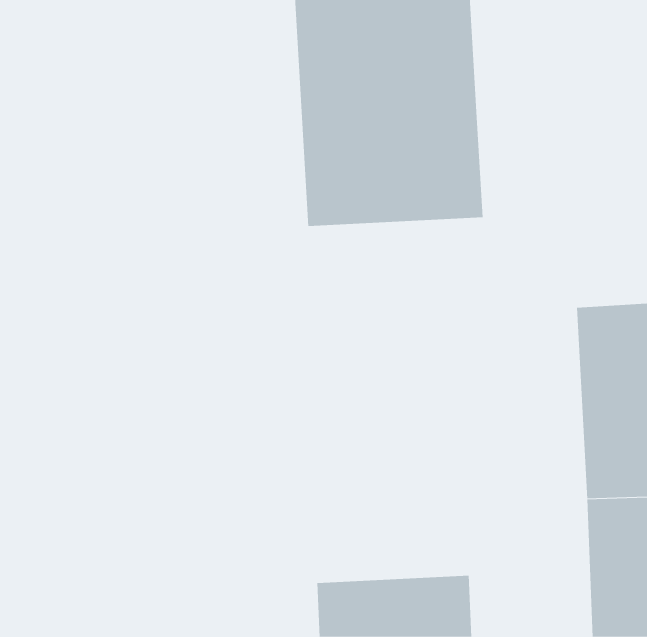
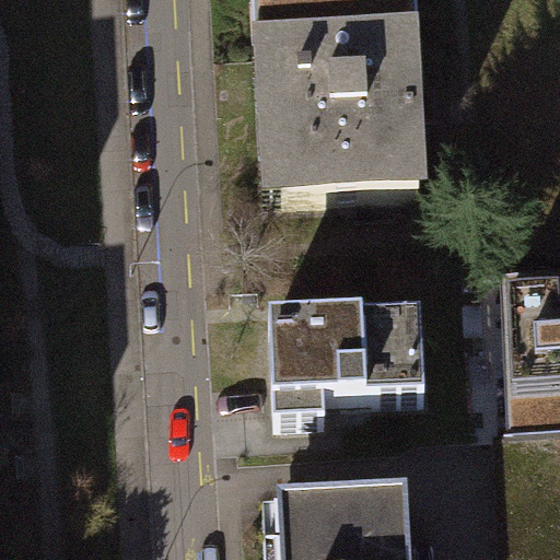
building: none -> [270,310,423,418]

